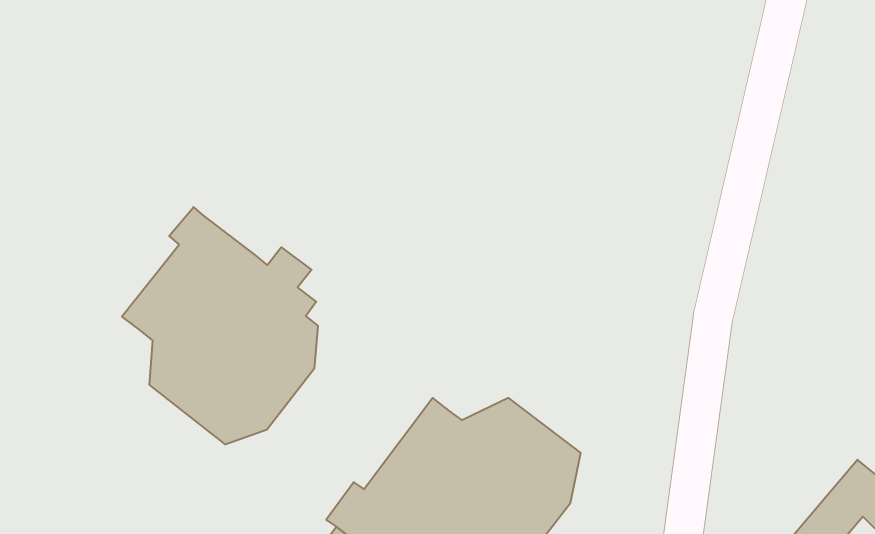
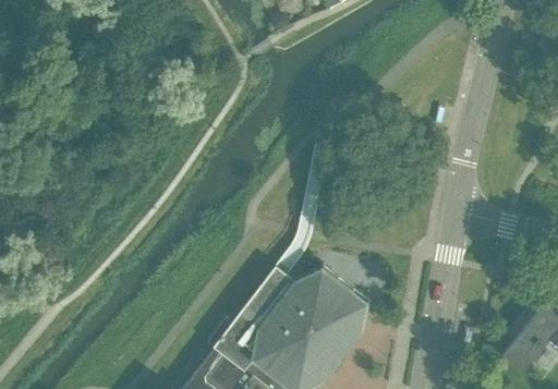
building: [122,207,318,444] -> none

